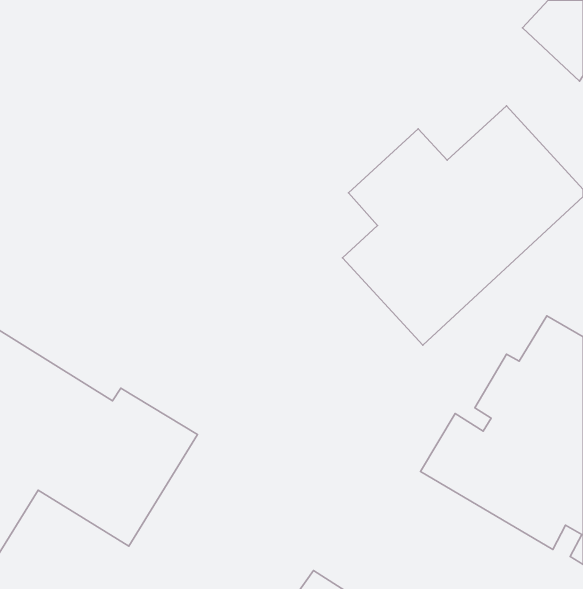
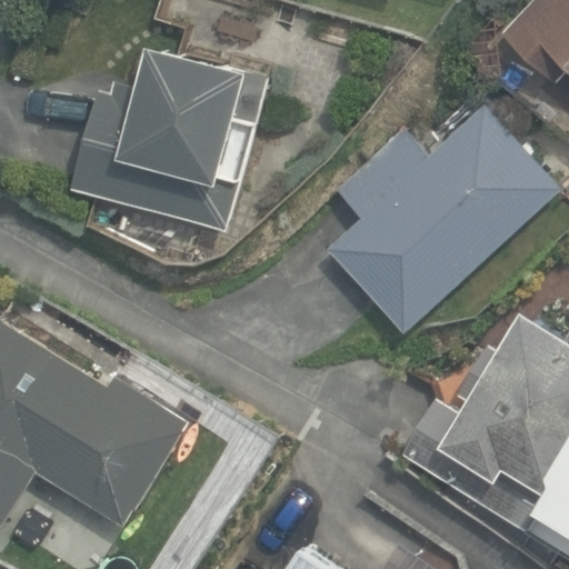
building: none -> [72,47,269,231]

